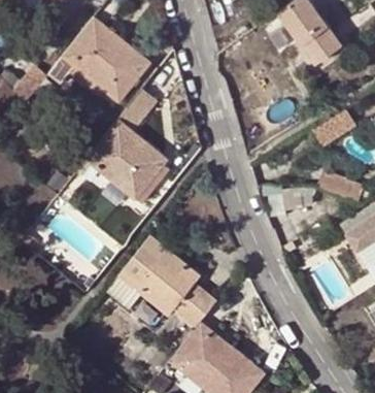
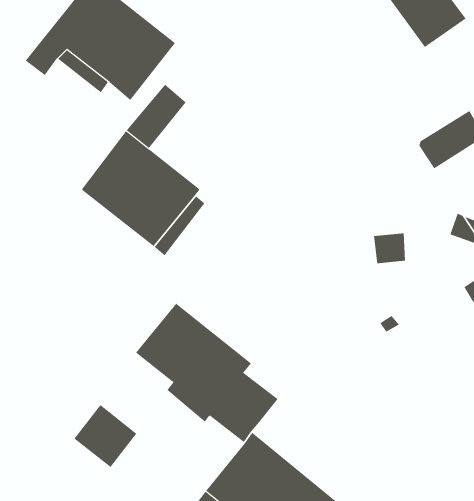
building: [105,268,147,310] -> [74,404,137,468]

